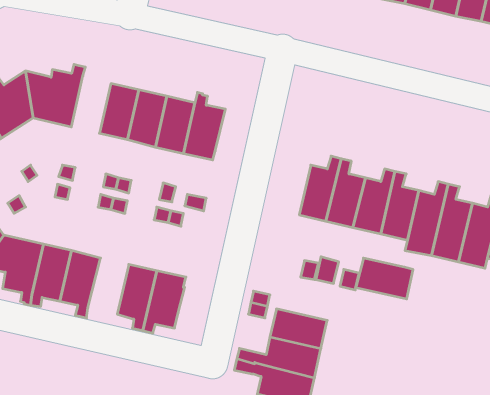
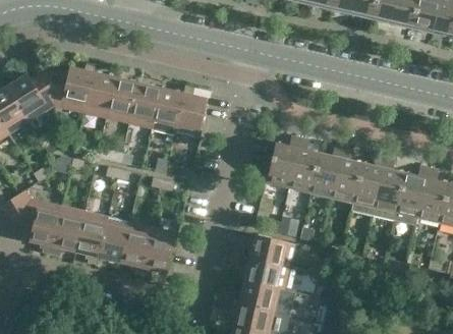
building: none -> [86,71,117,117]
building: none -> [99,217,131,262]
building: [356,258,413,299] -> [249,234,295,267]

